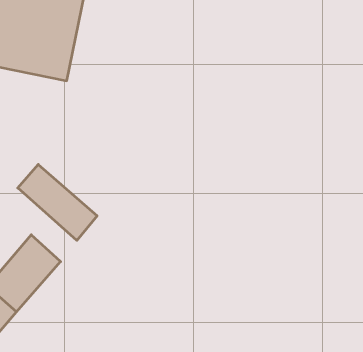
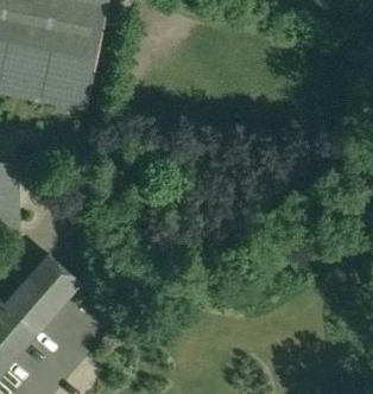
building: [18,164,97,240] -> none

